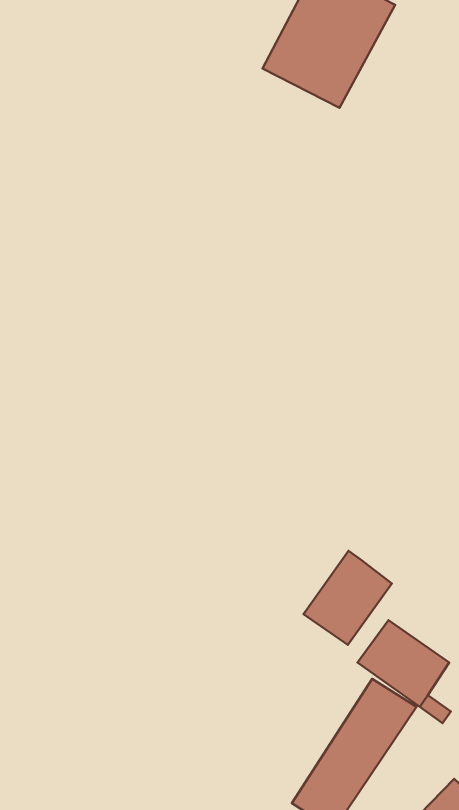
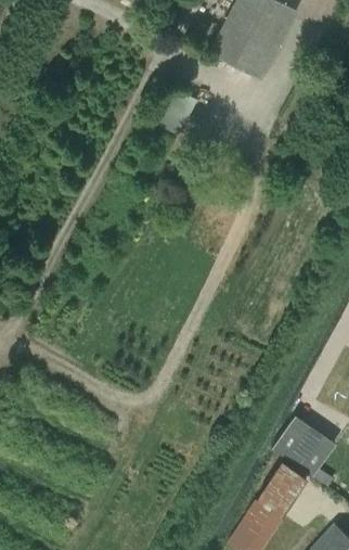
building: none -> [158,88,197,135]
building: [303,551,392,645] -> none

